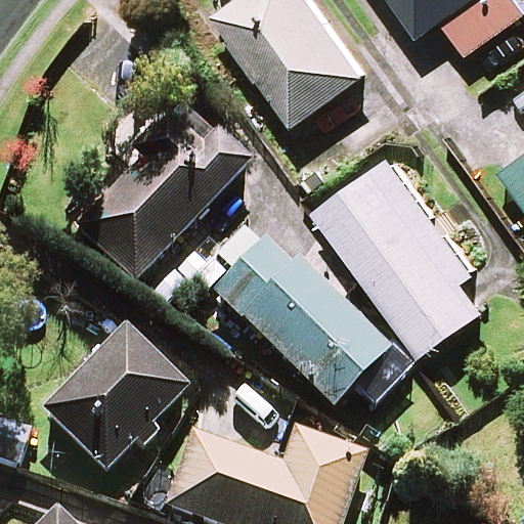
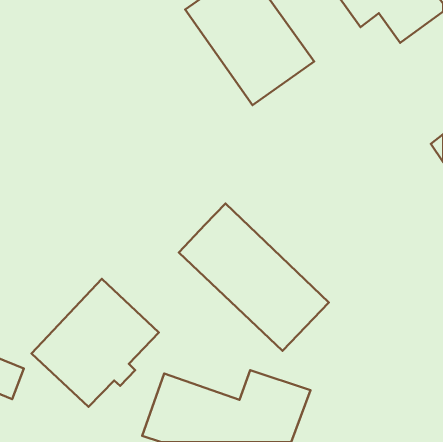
building: [72,91,248,286] -> none
building: [317,155,484,352] -> none

